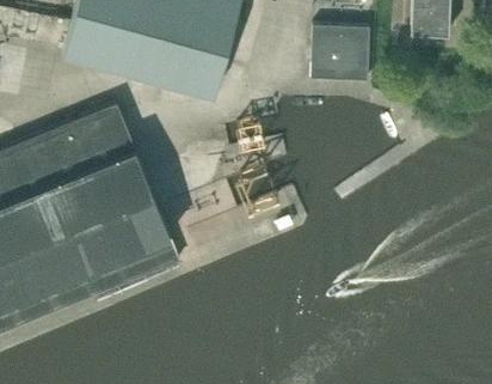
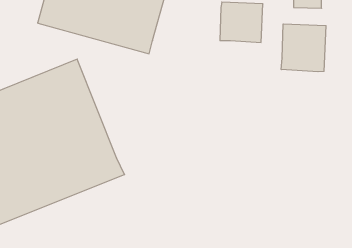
building: none -> [281,24,326,72]

